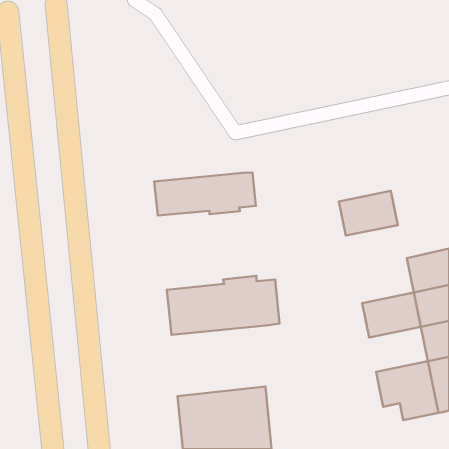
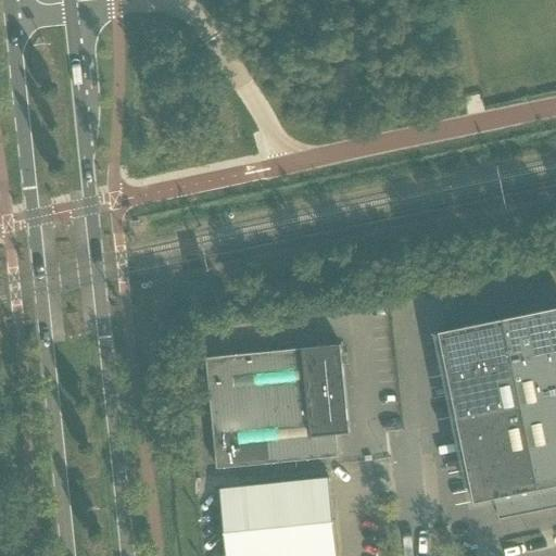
building: [154,172,256,216] -> none
building: [339,191,398,236] -> [439,319,511,375]
building: none -> [211,400,349,469]
building: none -> [456,404,529,459]

